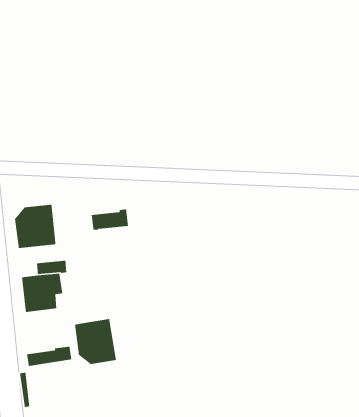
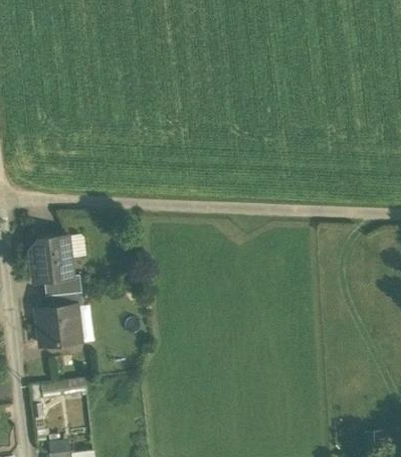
building: [91,209,129,231] -> [45,278,83,300]
building: [74,318,117,365] -> none

